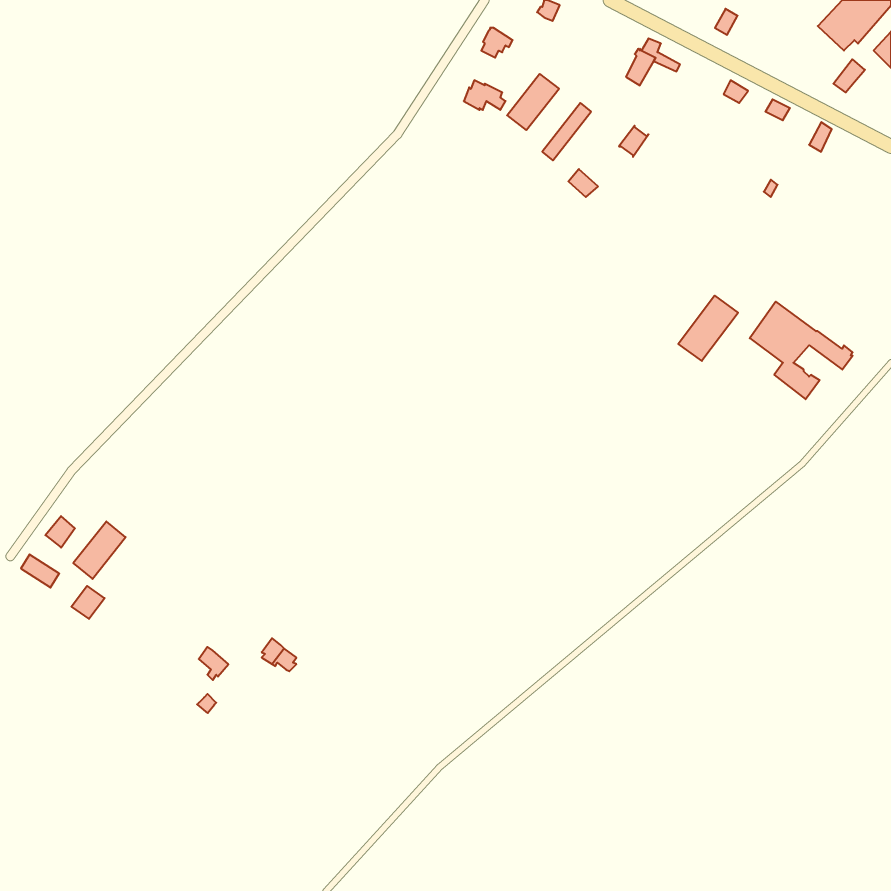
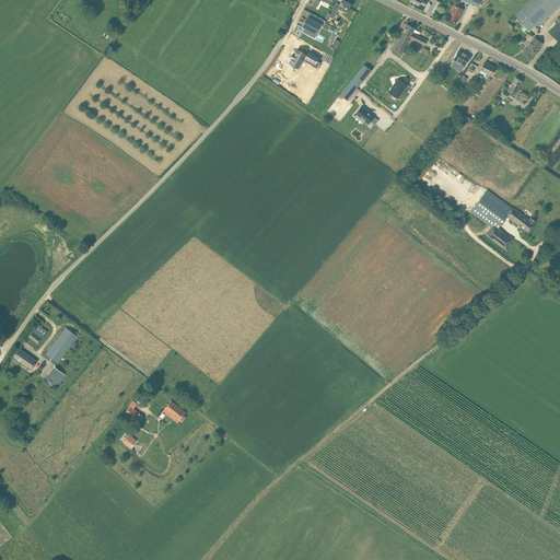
building: [507,74,559,130] -> none
building: [678,296,738,361] -> none

